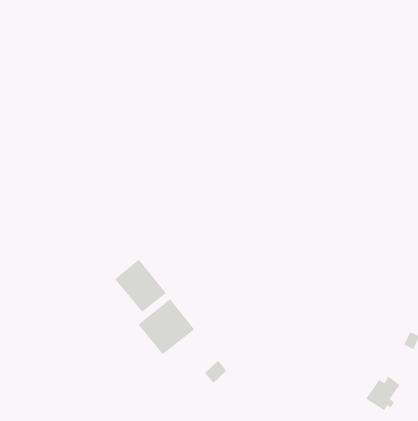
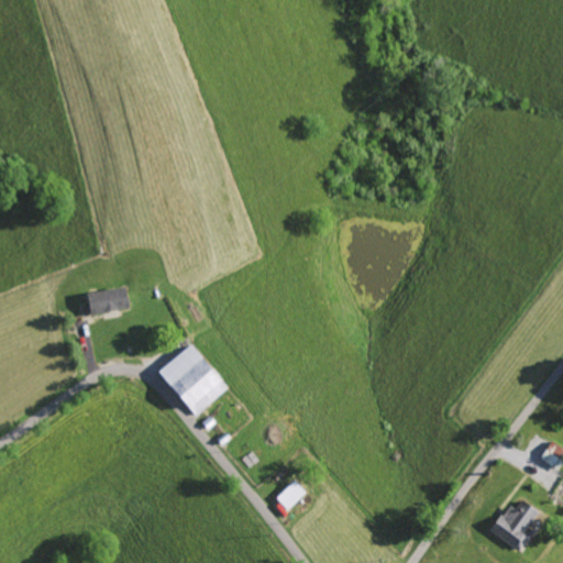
building: none -> [87,286,131,314]
building: [137,298,195,355] -> none

